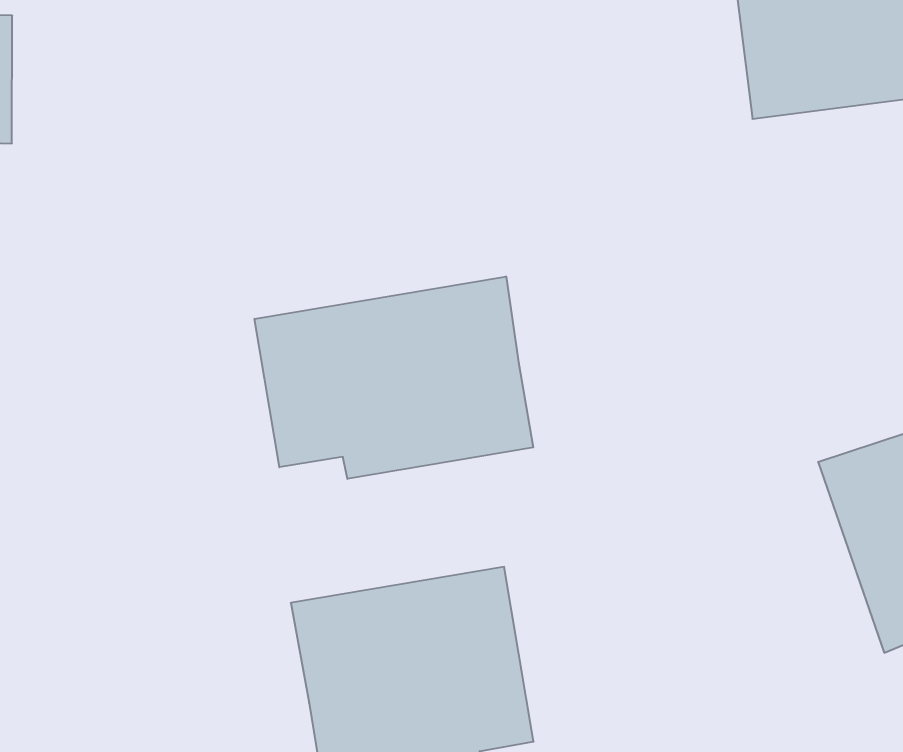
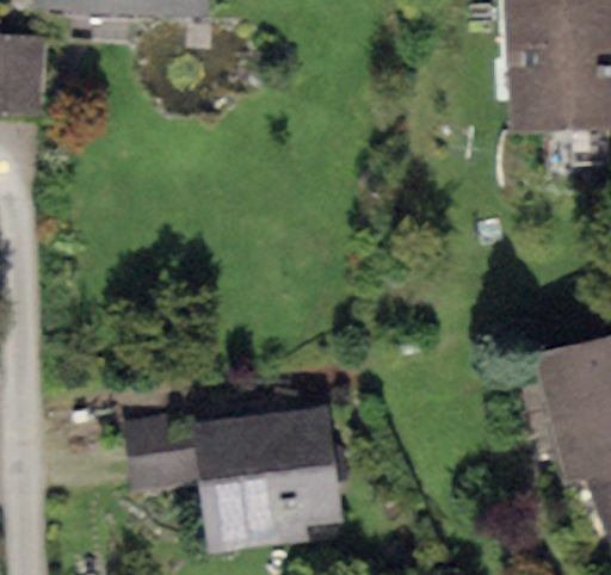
building: [255,276,533,479] -> none
building: none -> [124,412,200,491]

